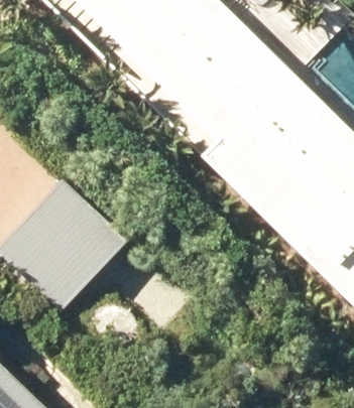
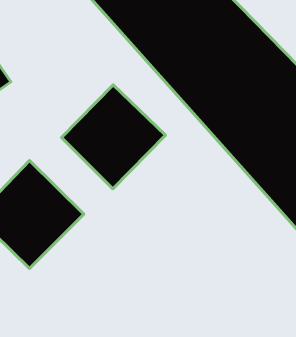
building: none -> [62,85,166,189]

